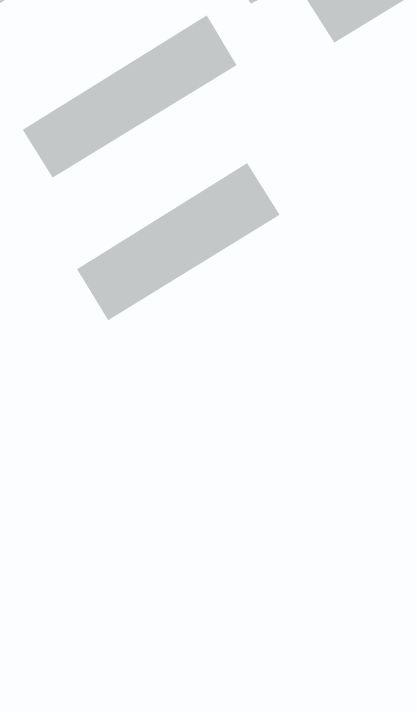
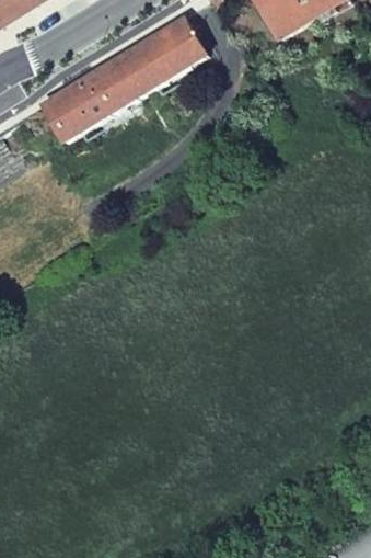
building: [76,162,281,321] -> none

